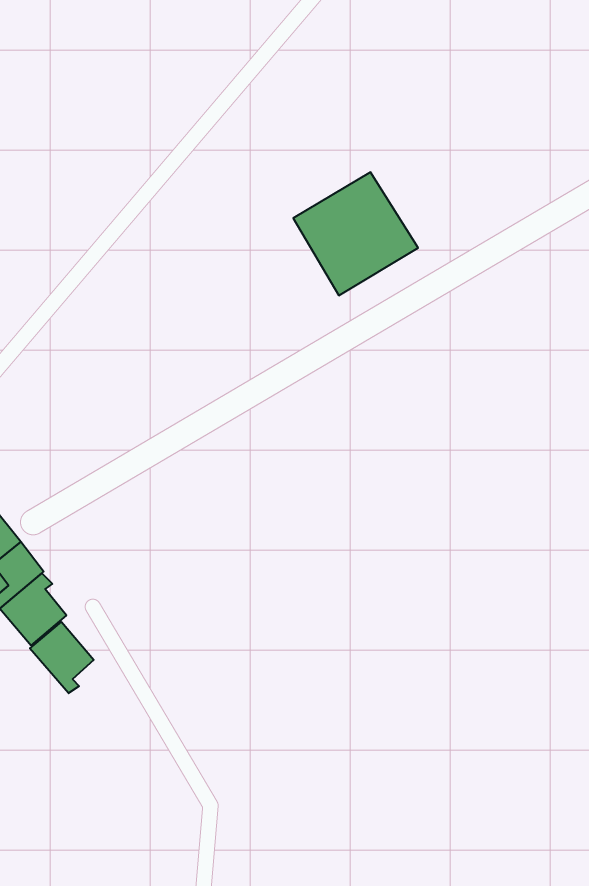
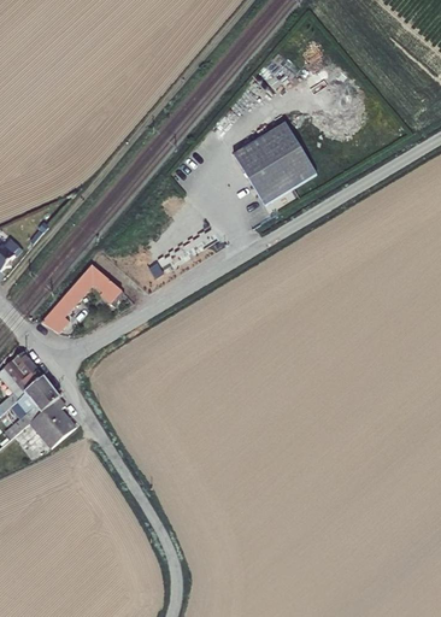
building: none -> [42,264,122,334]
building: [30,622,94,693] -> none

